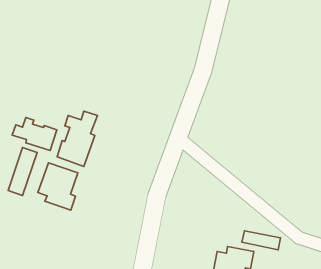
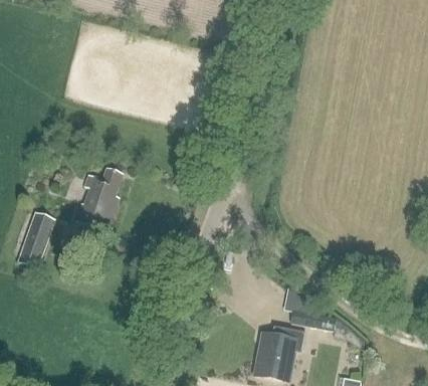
building: [12,117,57,150] -> none
building: [38,163,78,210] -> none

